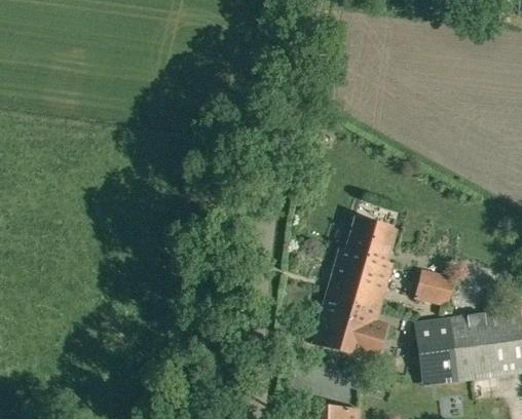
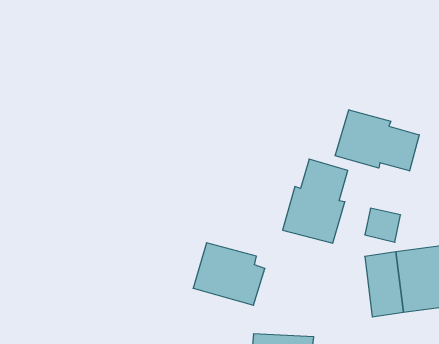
building: none -> [335,110,419,171]
building: [311,293,389,360] -> [193,243,265,305]

